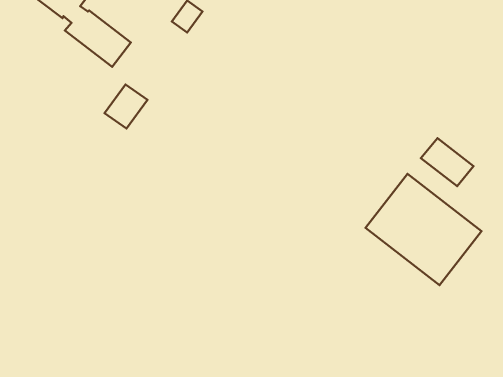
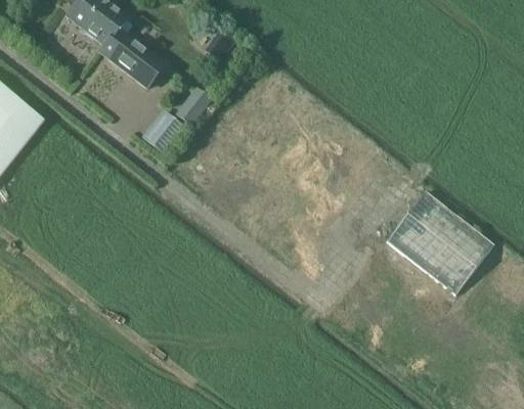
building: none -> [177,86,211,123]
building: [421,138,473,186] -> none

